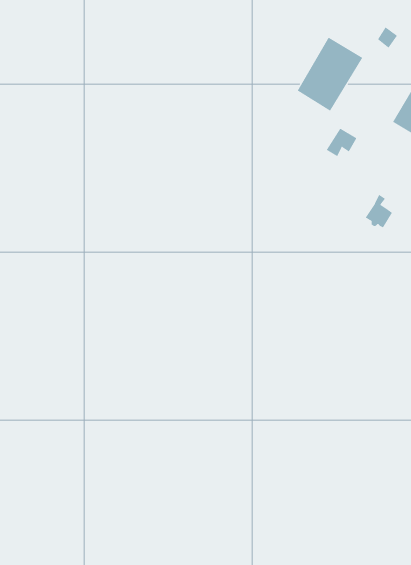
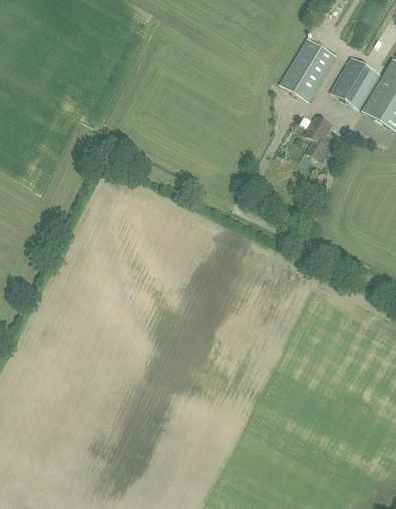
building: none -> [331,60,372,105]
building: [365,194,393,228] -> [307,132,331,161]

